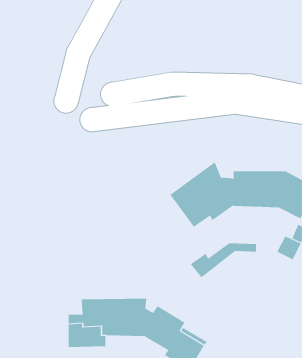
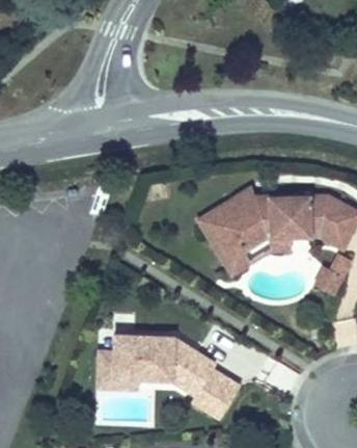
building: [190,243,257,278] -> [223,236,298,275]

